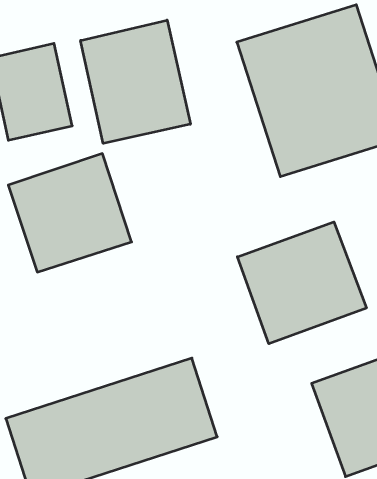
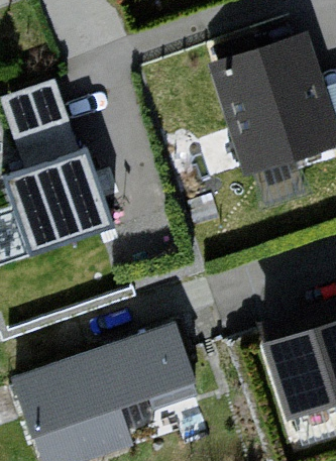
building: [81,20,190,143] -> none
building: [237,222,366,344] -> none

